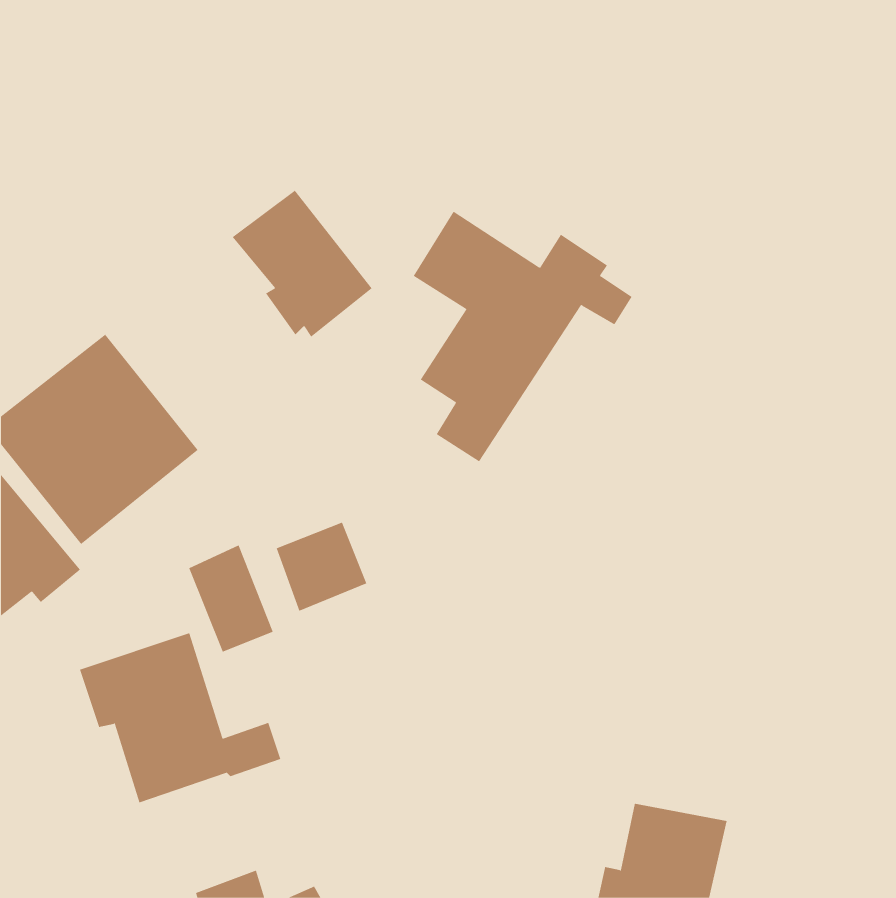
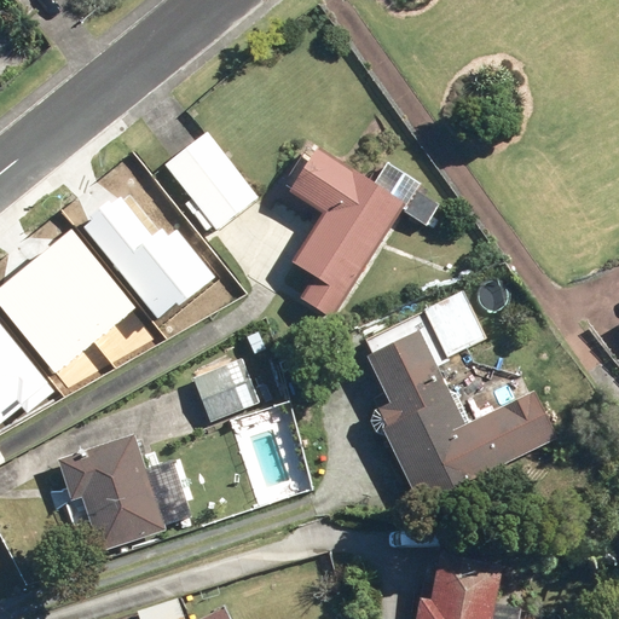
building: none -> [85,197,216,319]
building: none -> [364,291,555,503]
building: [188,545,273,653] -> none

